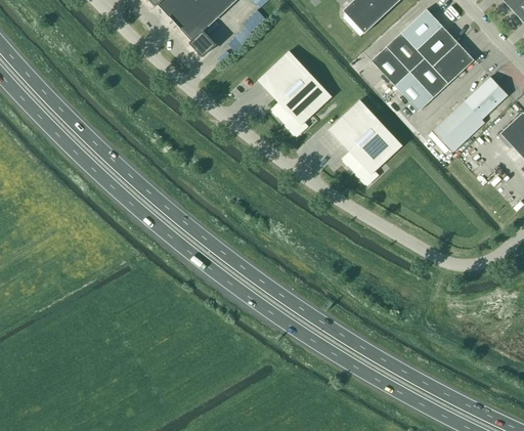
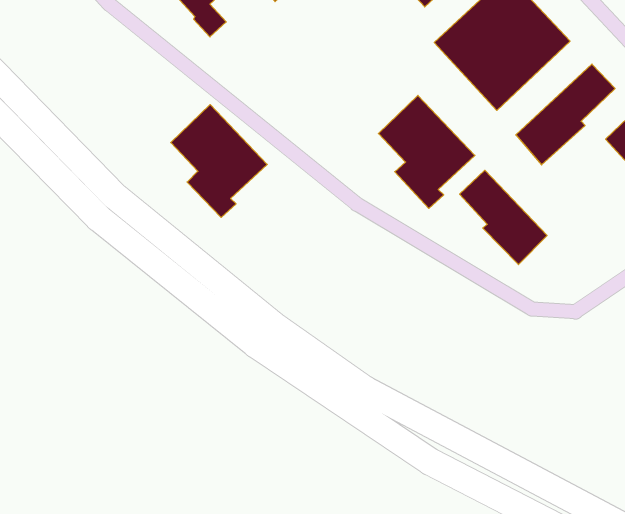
building: [259,50,332,135] -> [171,105,267,217]
building: none -> [460,170,547,265]

